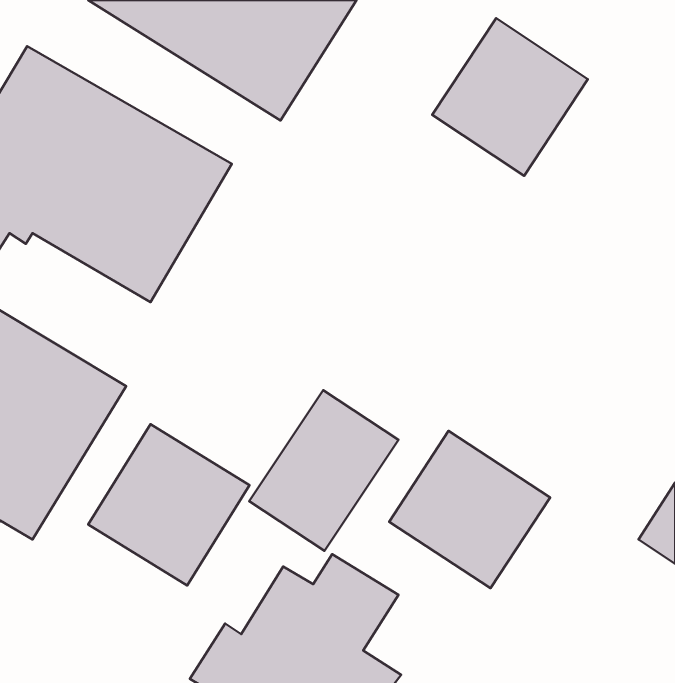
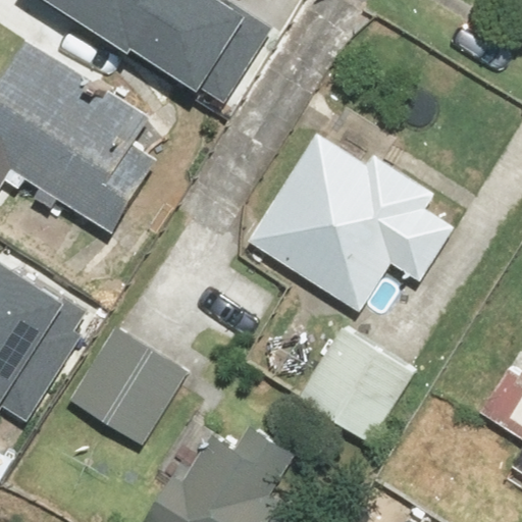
building: [432,18,588,176] -> none
building: none -> [247,133,462,314]
building: [249,390,398,551] -> none

